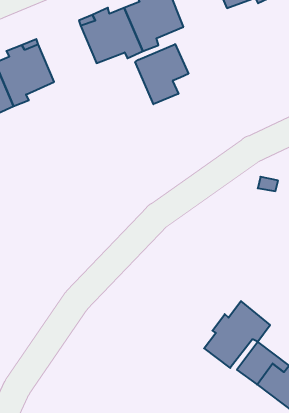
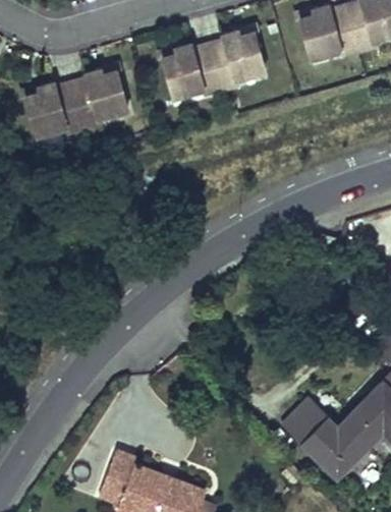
building: [135,44,188,104] -> none
building: [204,301,270,368] -> none

